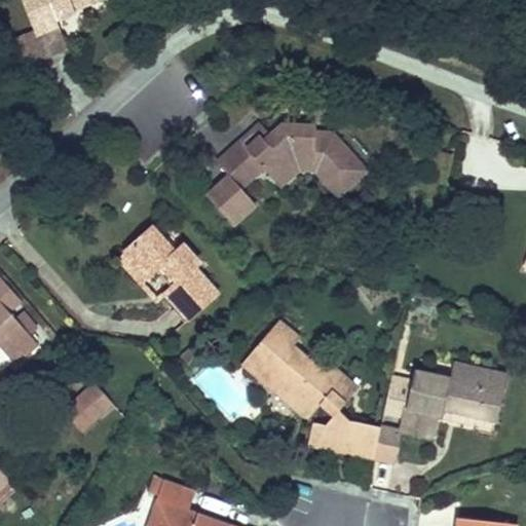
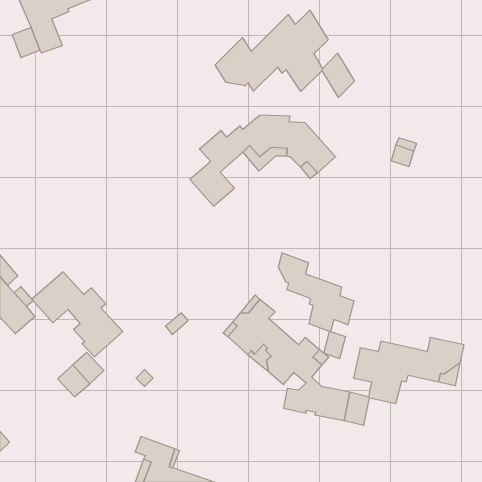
building: none -> [215,10,354,97]
building: [118,227,217,320] -> [32,272,123,357]
building: none -> [278,253,354,359]

